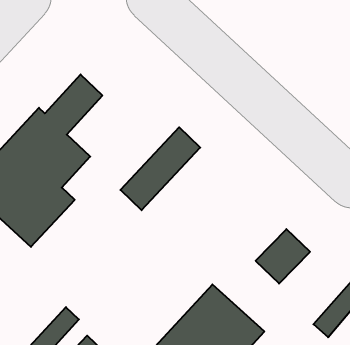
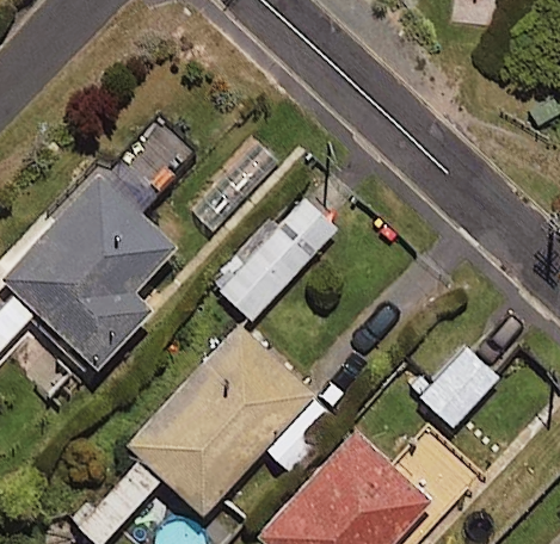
building: none -> [128,326,337,514]

